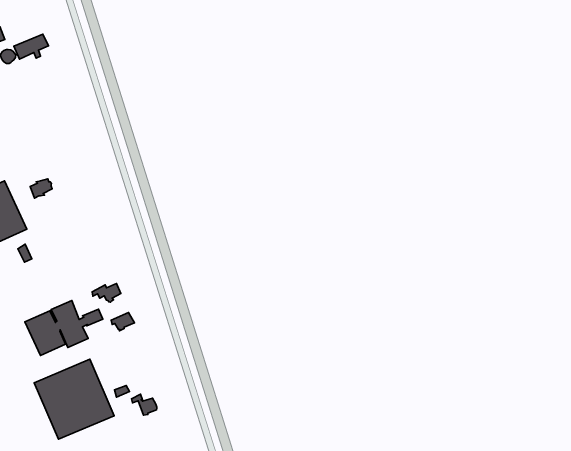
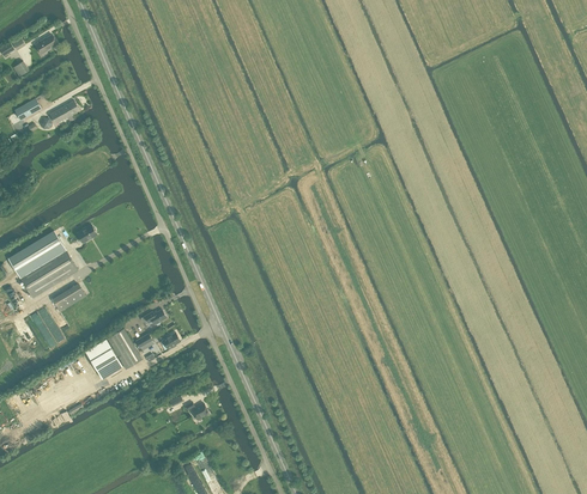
building: [34,359,114,439] -> none

